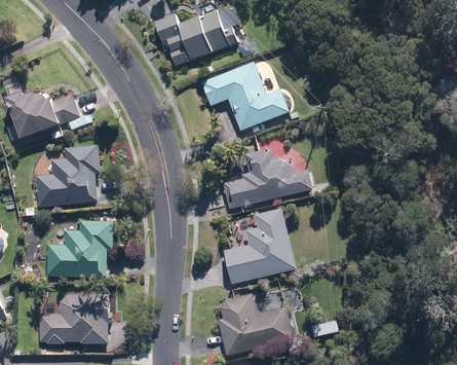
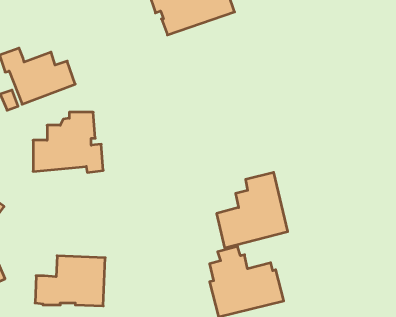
building: [200,62,288,131] -> none
building: [221,136,311,209] -> none
building: [46,220,112,278] -> none

